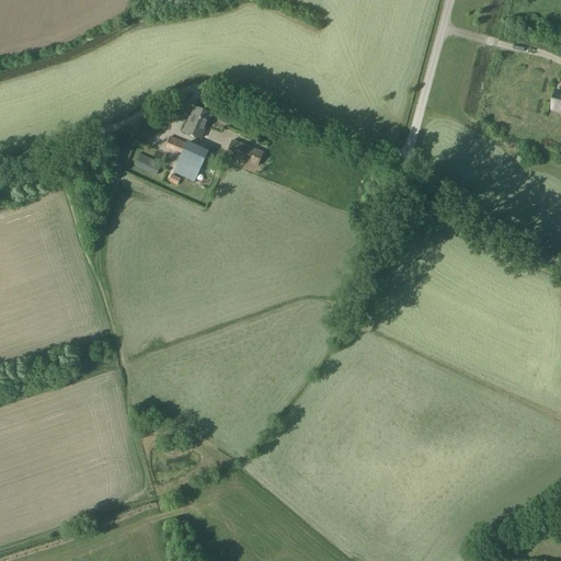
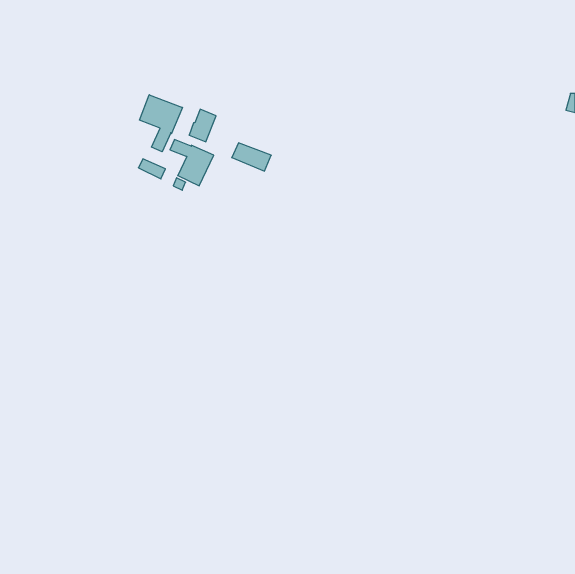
building: none -> [139,95,182,152]

